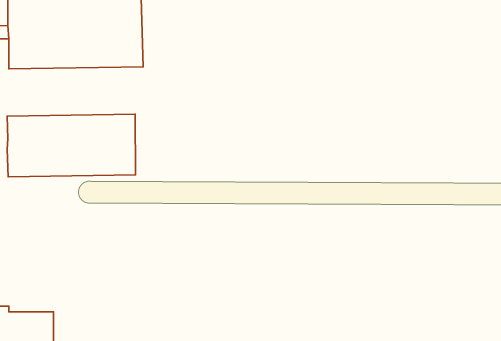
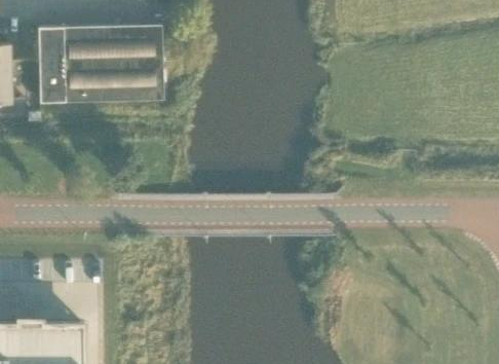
building: [7,114,135,177] -> none

